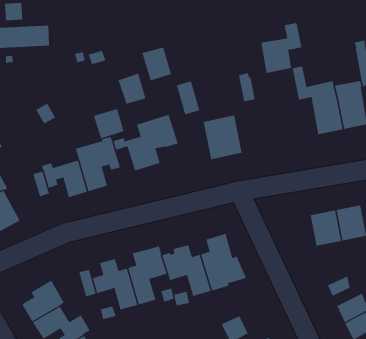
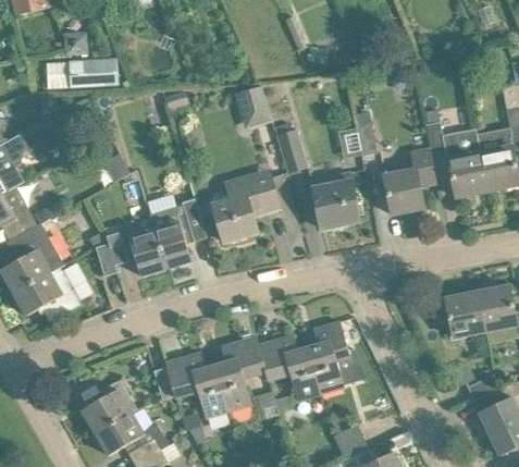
building: [261,22,302,73] -> [384,150,436,214]
building: [118,73,146,105] -> none
building: [93,108,124,139] -> none

